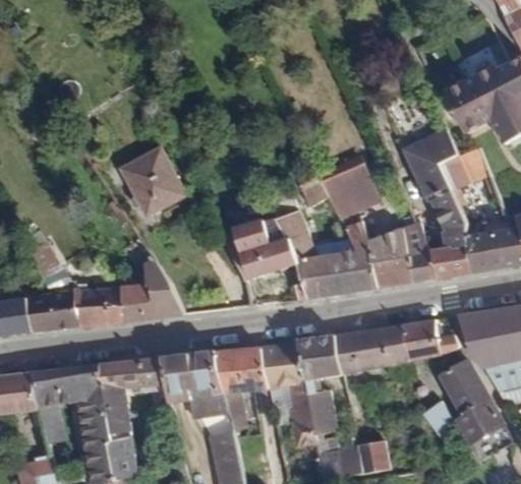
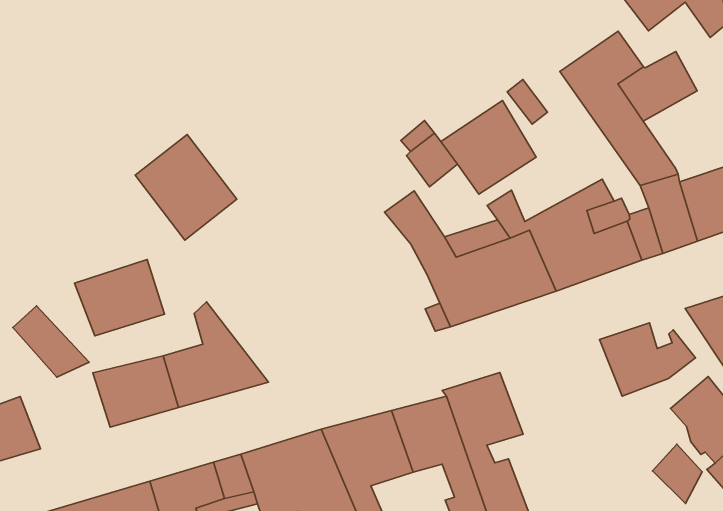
building: [236,216,298,279] -> none
building: [25,289,79,331] -> [74,260,164,336]
building: [334,323,409,375] -> none

